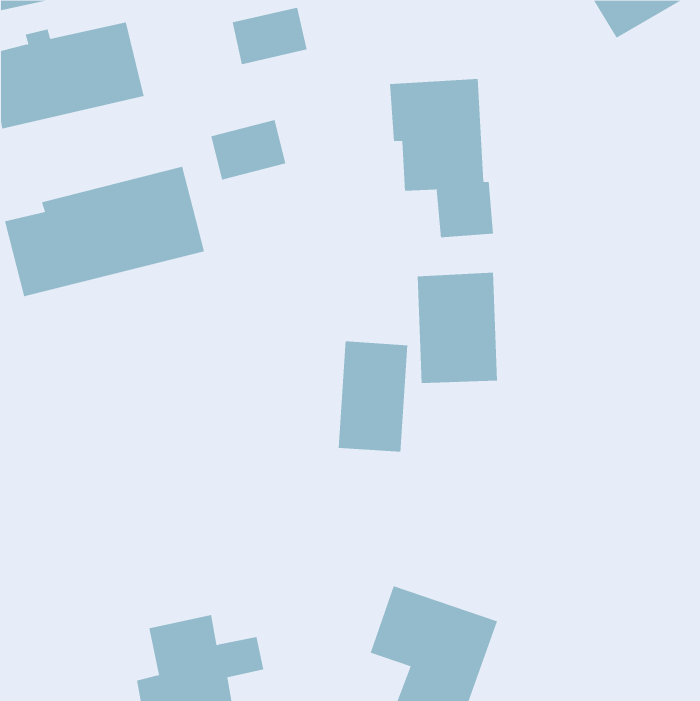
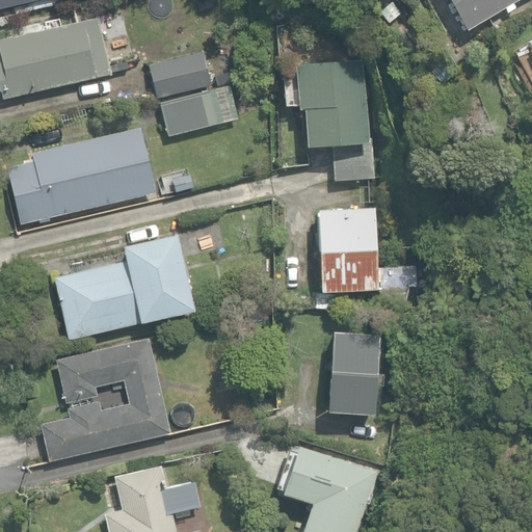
building: [232,7,307,65] -> [152,54,209,98]
building: none -> [55,234,195,340]
building: [338,341,408,452] -> [326,330,379,415]
building: none -> [42,339,170,460]

